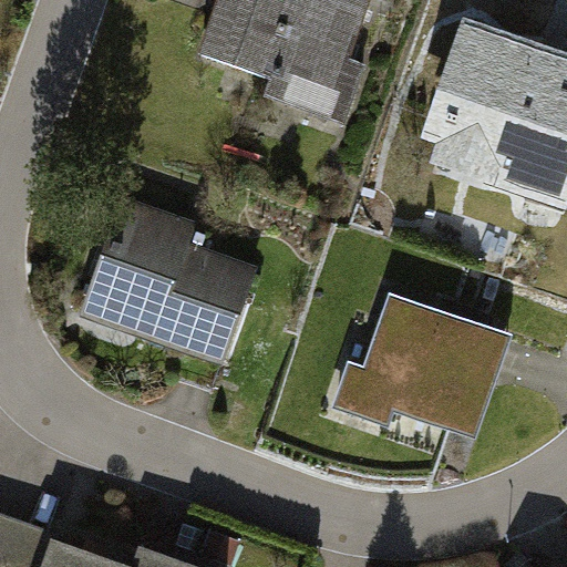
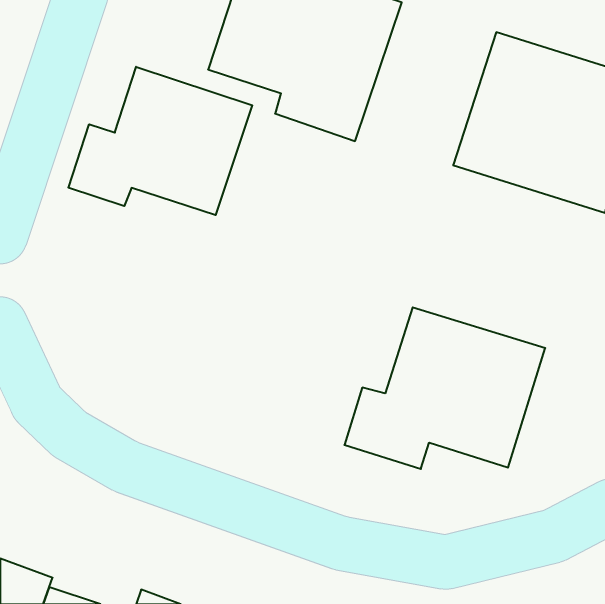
building: none -> [68,67,252,215]
building: [86,203,252,361] -> none

